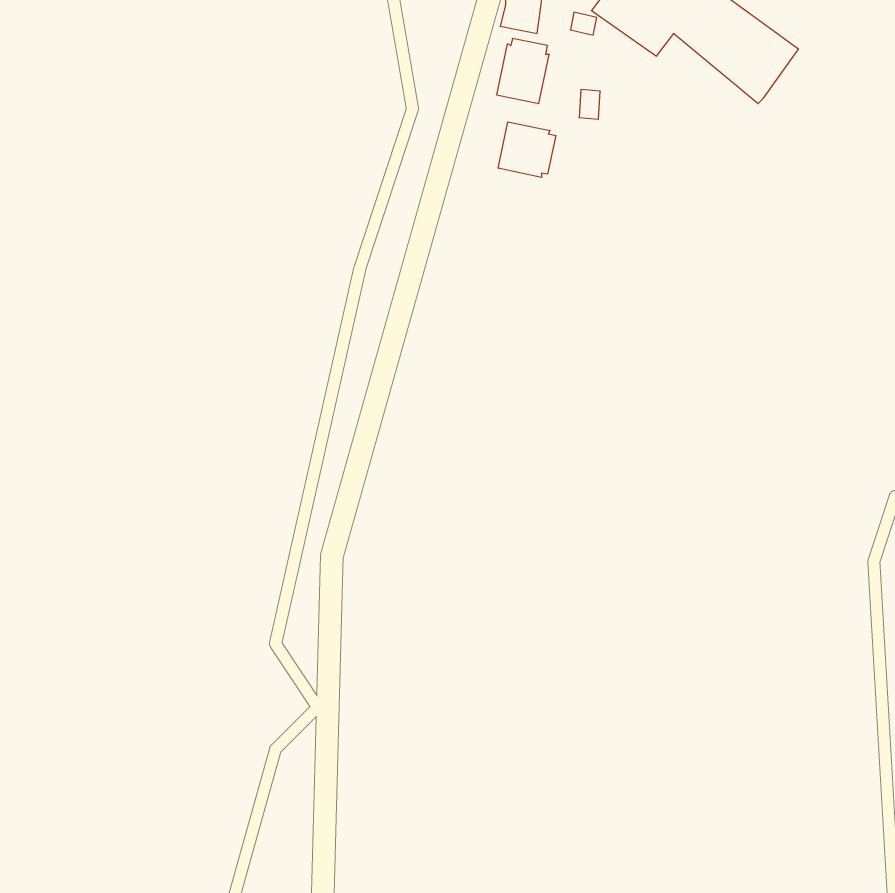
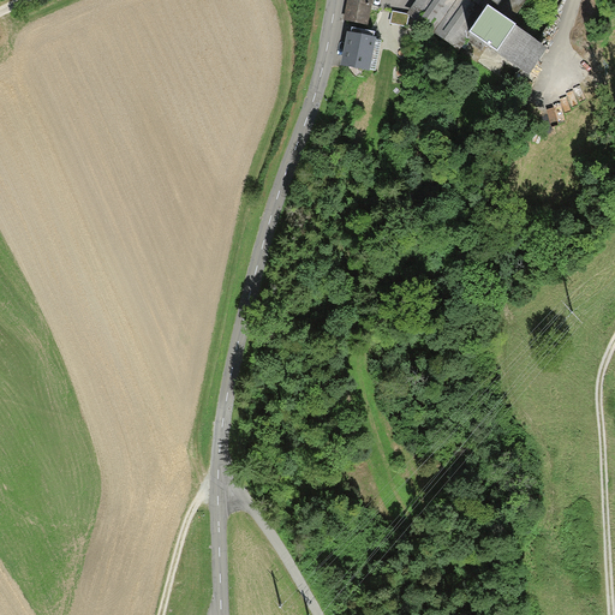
building: [498,122,556,177] -> none

